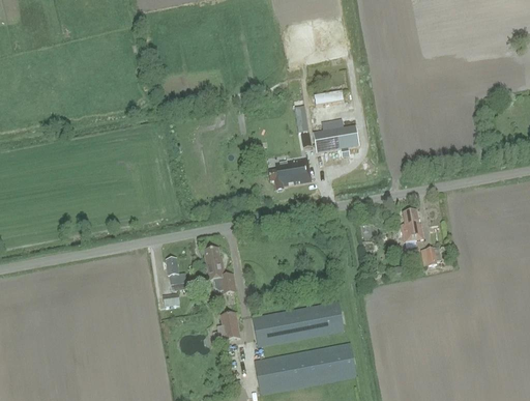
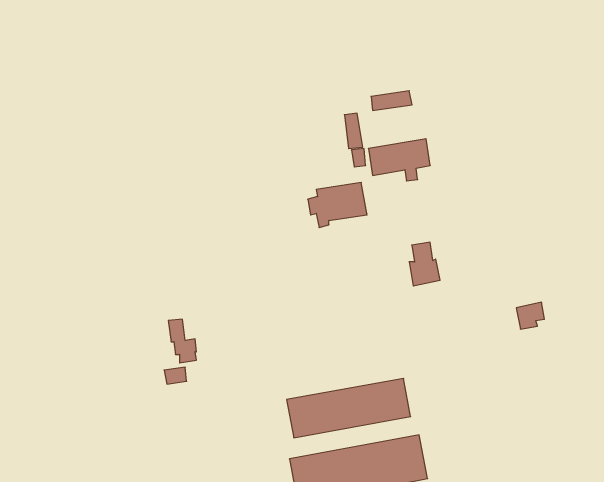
building: [401,210,423,242] -> [409,242,440,286]
building: [205,250,236,293] -> none
building: [222,313,241,341] -> none

